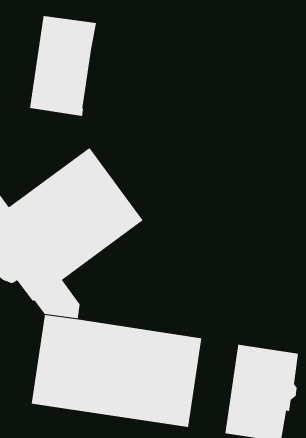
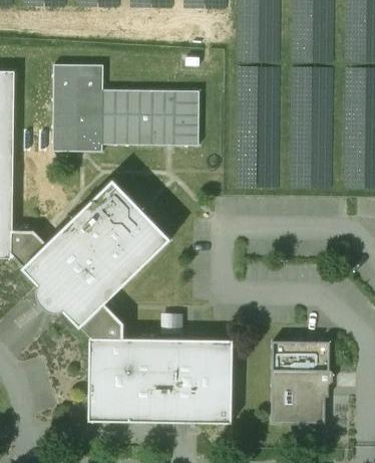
building: none -> [100,89,198,146]

